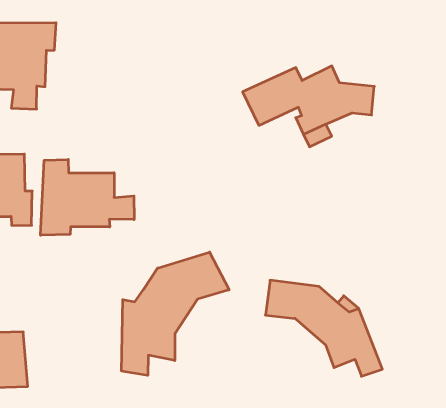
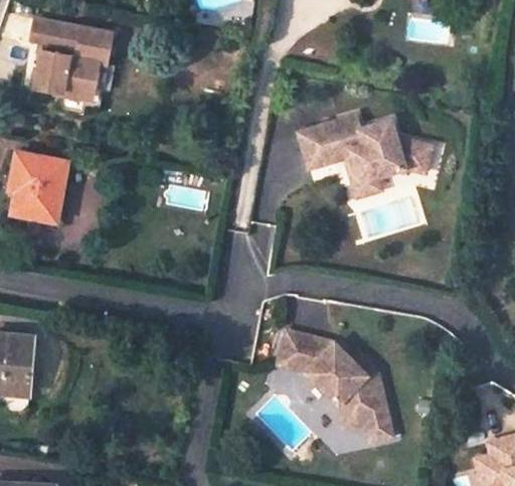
building: [41,159,134,235] -> none
building: [122,252,229,375] -> none

